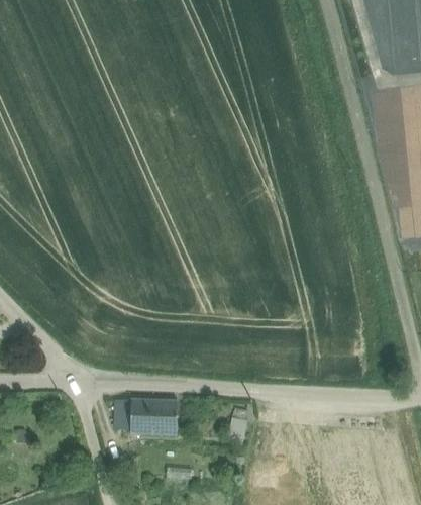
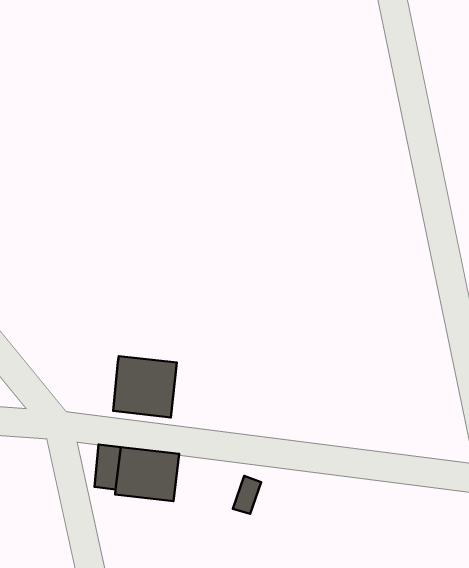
building: none -> [113,356,177,417]

